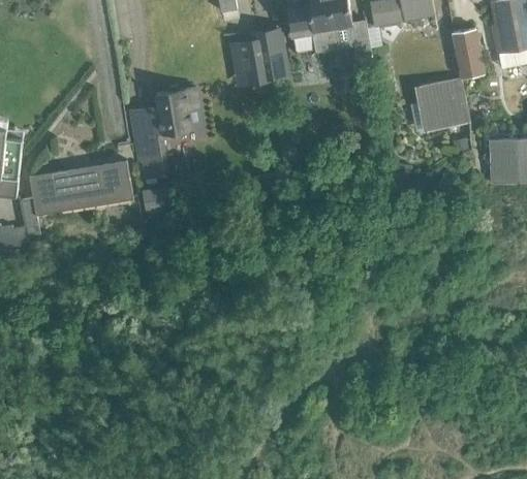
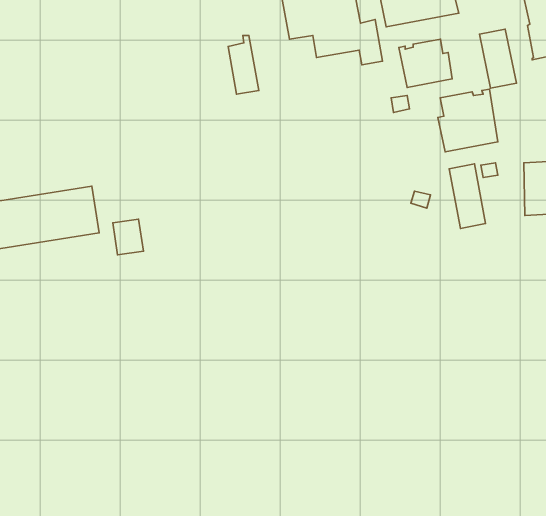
building: [258,29,286,79] -> none
building: none -> [399,39,452,87]
building: [131,86,197,179] -> none
building: none -> [449,164,486,228]

